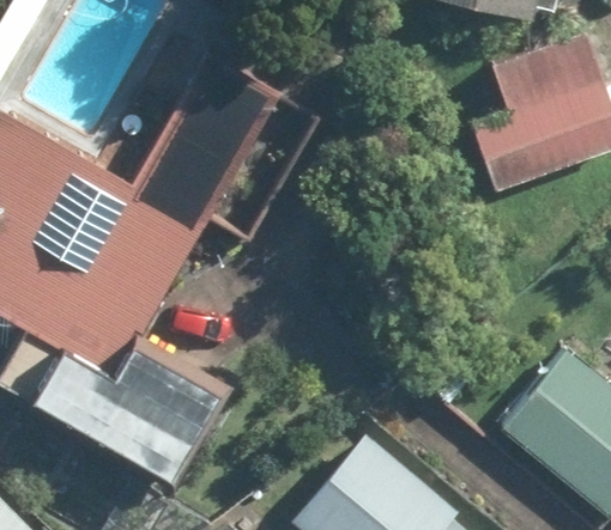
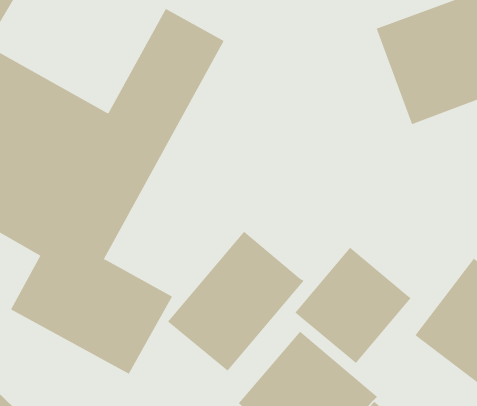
building: none -> [167,231,304,372]
building: none -> [294,247,412,364]

